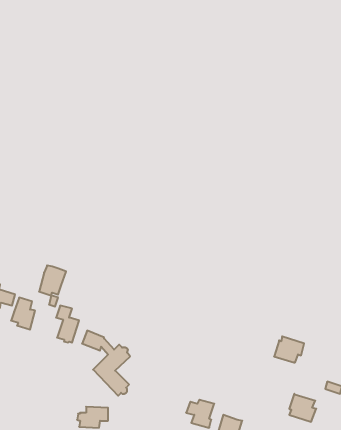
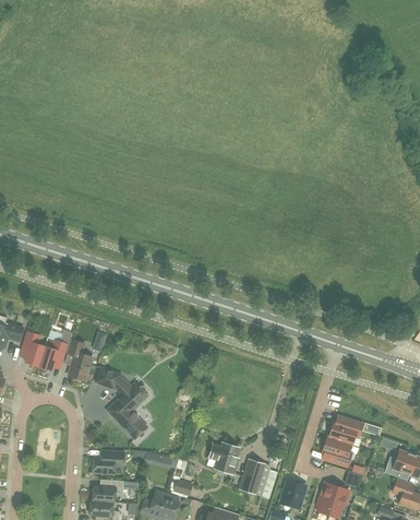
building: [39,265,66,296] -> [39,338,69,370]
building: [274,336,304,362] -> [328,415,361,444]

